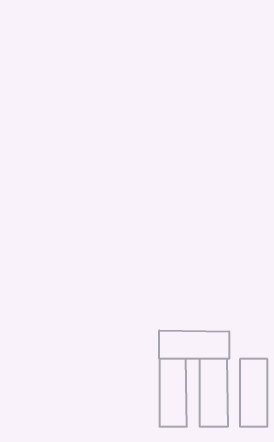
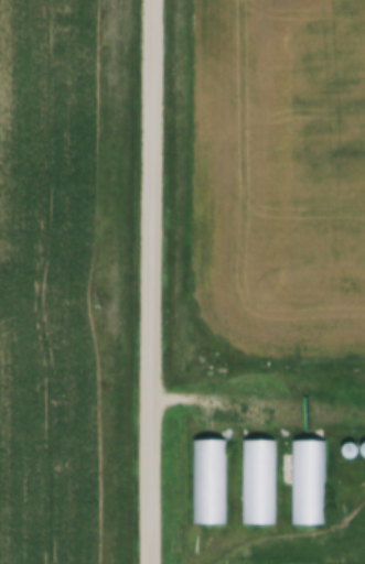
building: [159,330,229,359] -> none

